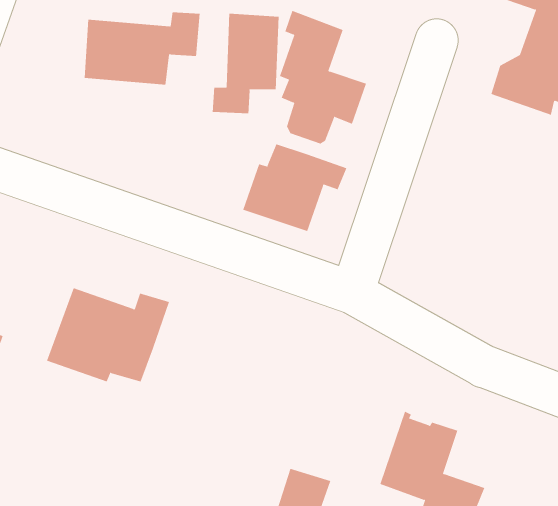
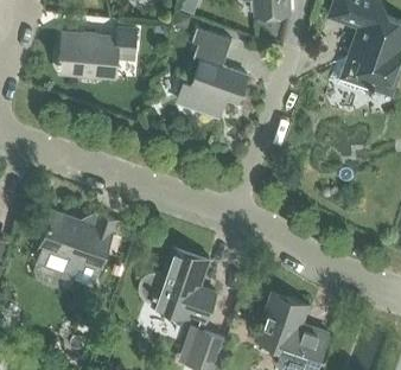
building: [212,13,279,114] -> none
building: [243,143,347,232] -> none
building: none -> [139,250,216,323]

